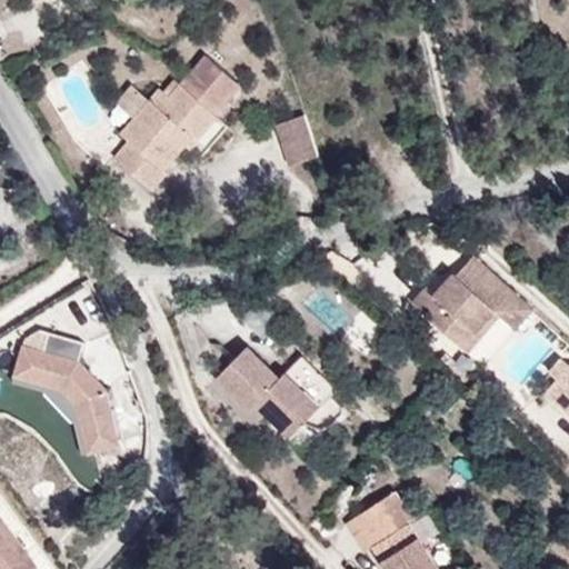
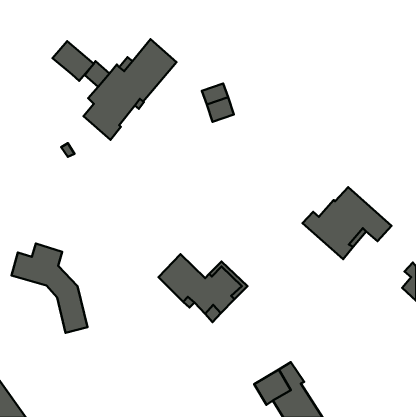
building: none -> [53,41,94,81]
building: [13,376,89,455] -> none

